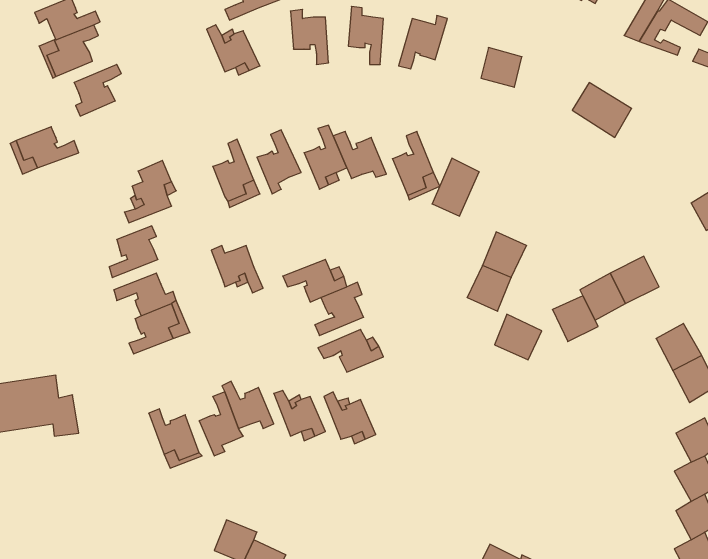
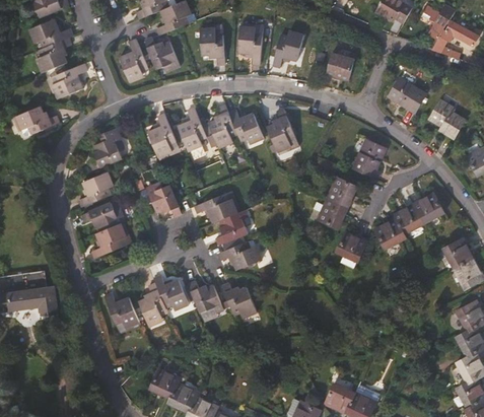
building: none -> [120,39,148,81]
building: none -> [429,100,466,139]
building: [432,158,479,216] -> [354,138,386,177]

